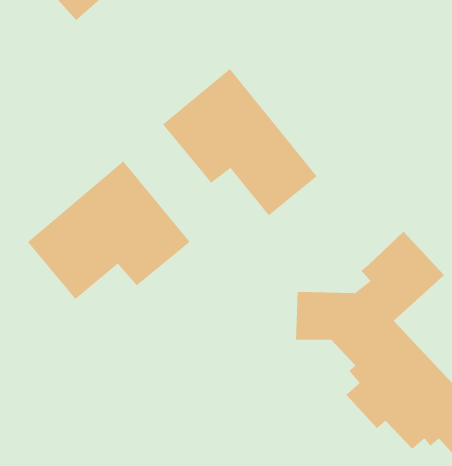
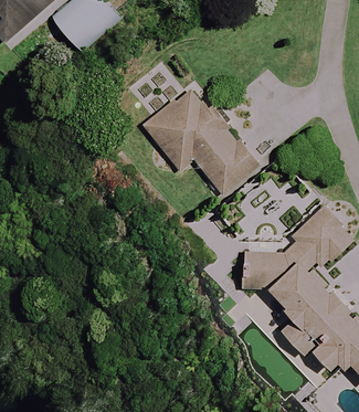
building: [27,161,191,300] -> none

